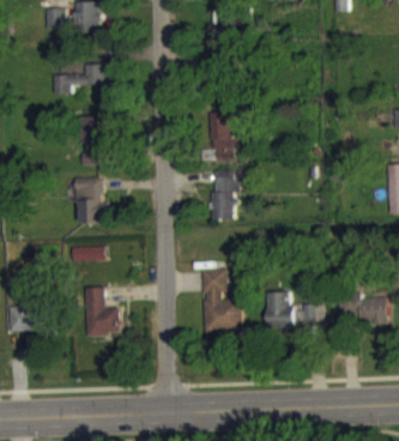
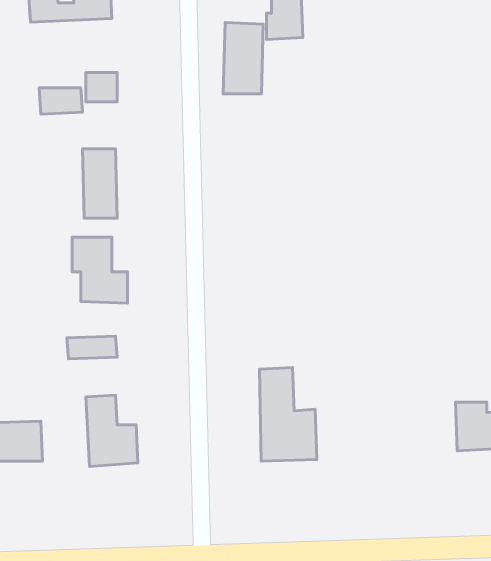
building: [211,113,238,162] -> [223,23,263,94]
building: [212,171,236,220] -> none
building: [267,292,324,330] -> none

